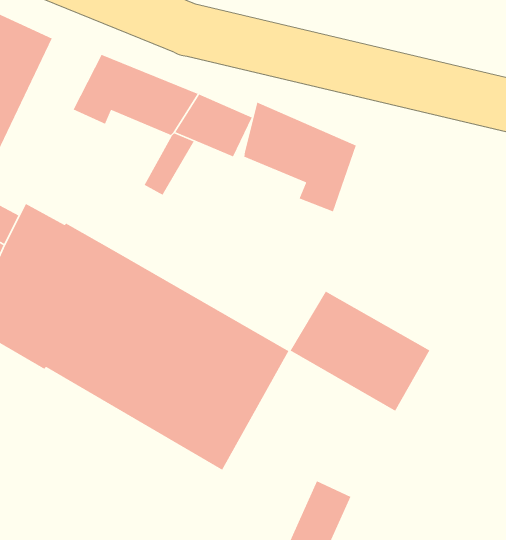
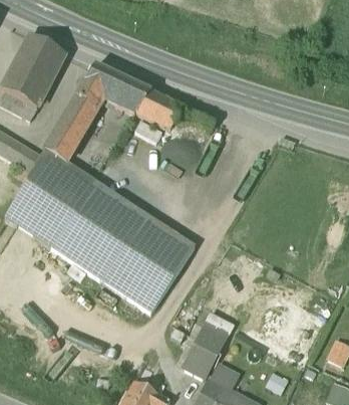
building: [244,101,357,213] -> none
building: none -> [45,94,99,162]
building: [290,291,431,412] -> none

